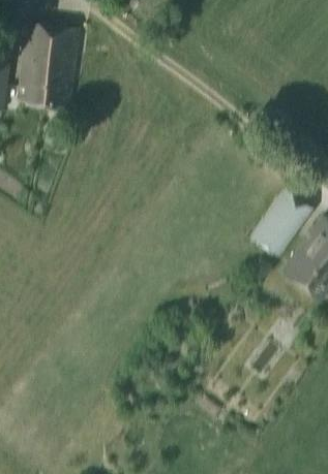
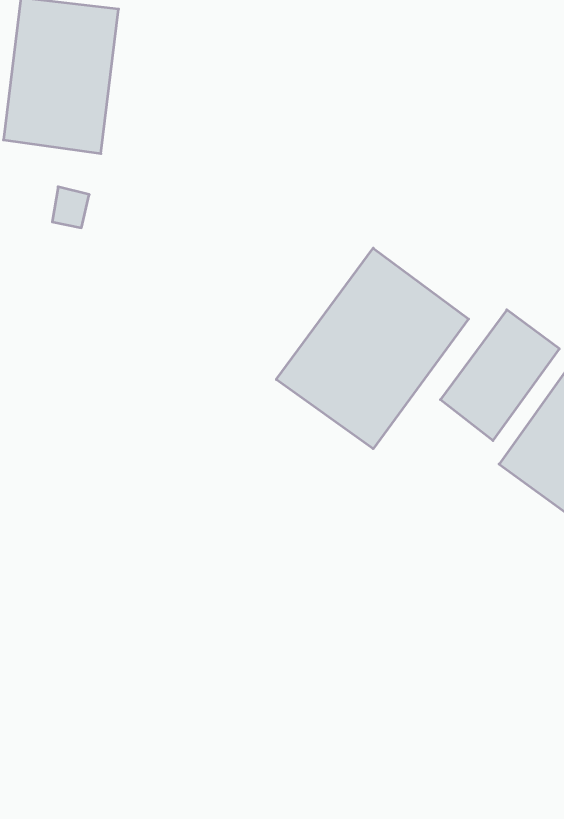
building: none -> [276,248,469,449]

